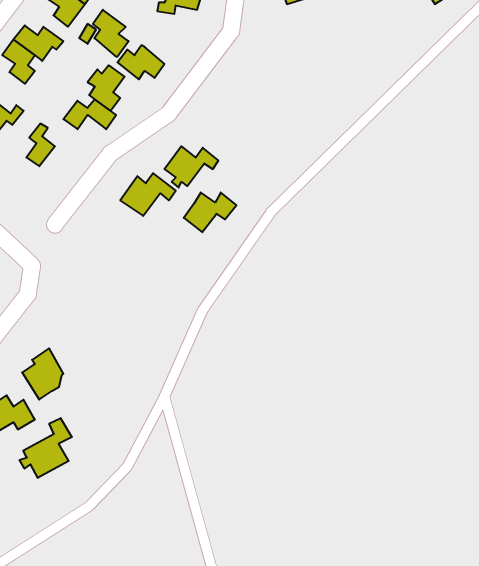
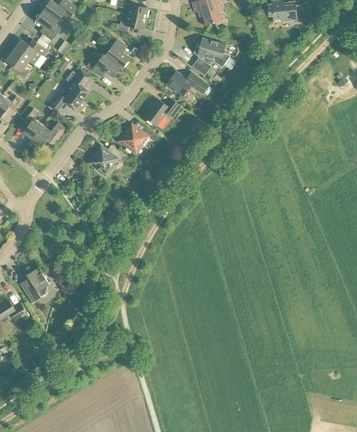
building: [93,10,129,57] -> [104,34,129,67]
building: none -> [191,37,229,75]
building: none -> [166,70,208,95]
building: none -> [30,122,65,147]
building: [184,192,236,232] -> [143,97,180,125]
building: [20,418,72,478] -> none

